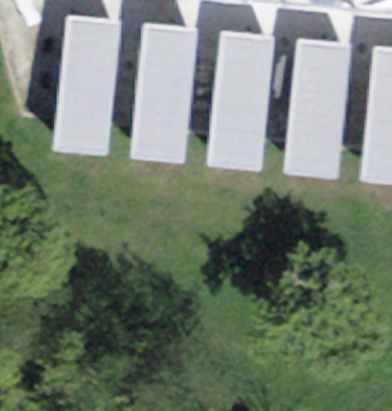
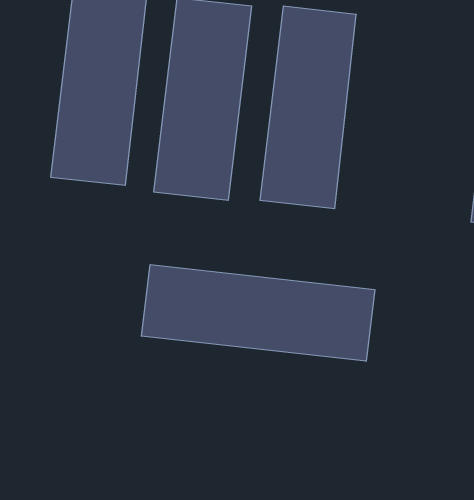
building: [284,34,354,180] -> none
building: none -> [142,265,375,361]

